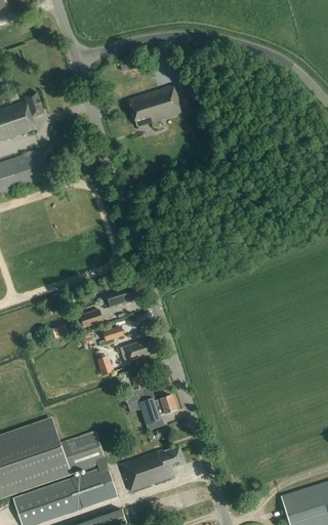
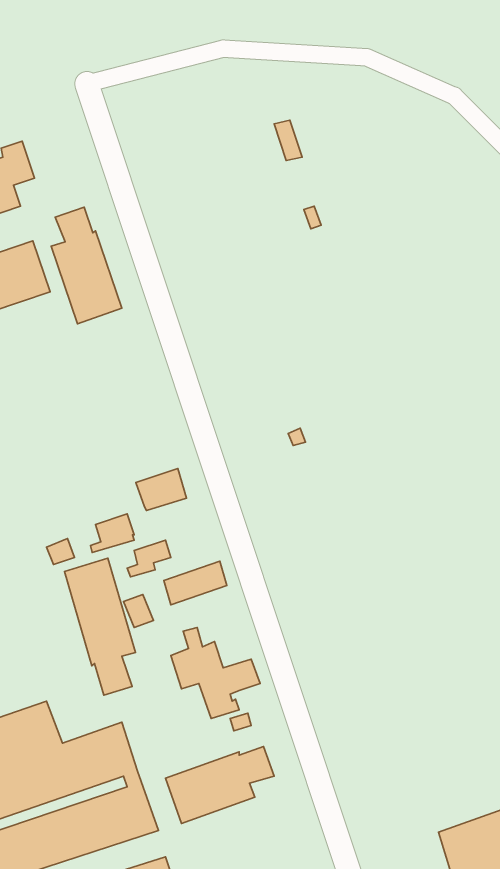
building: [128,84,183,126] -> none
building: none -> [51,207,122,324]
building: none -> [64,558,135,695]

